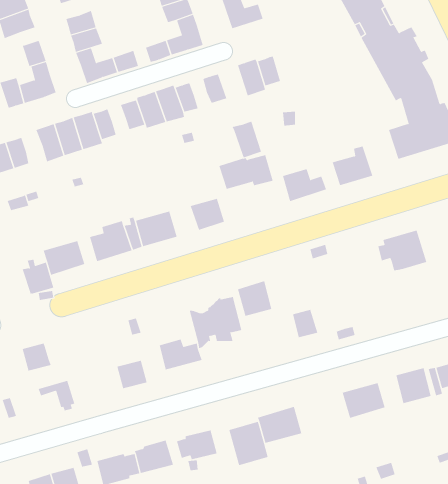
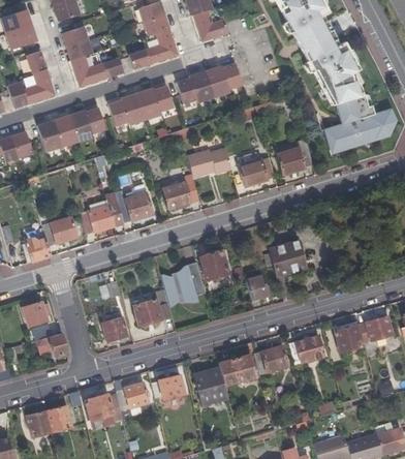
building: [232,121,262,158] -> [186,71,211,102]
building: [377,230,427,271] -> [266,241,307,275]
building: none -> [253,345,288,375]

